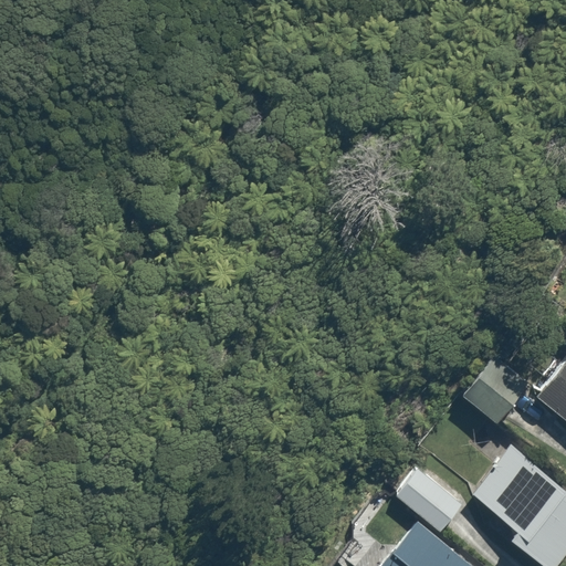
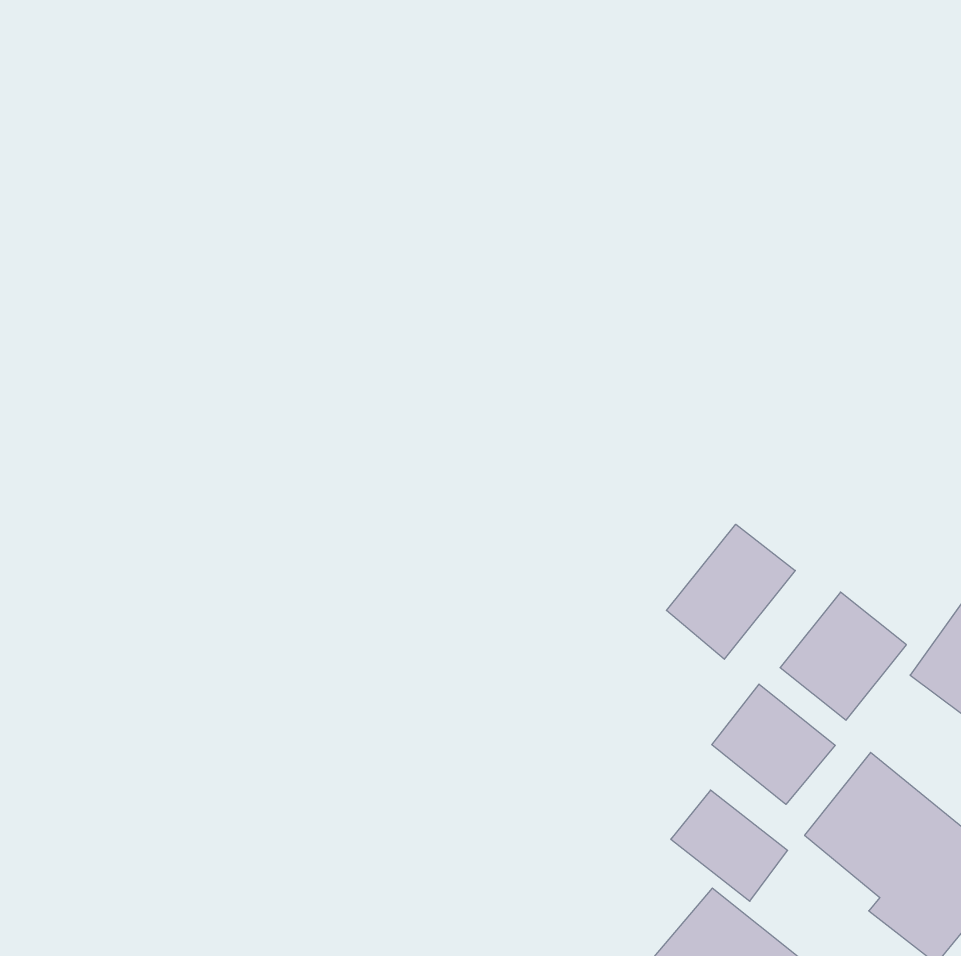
building: none -> [666,524,795,659]
building: none -> [712,684,835,804]

